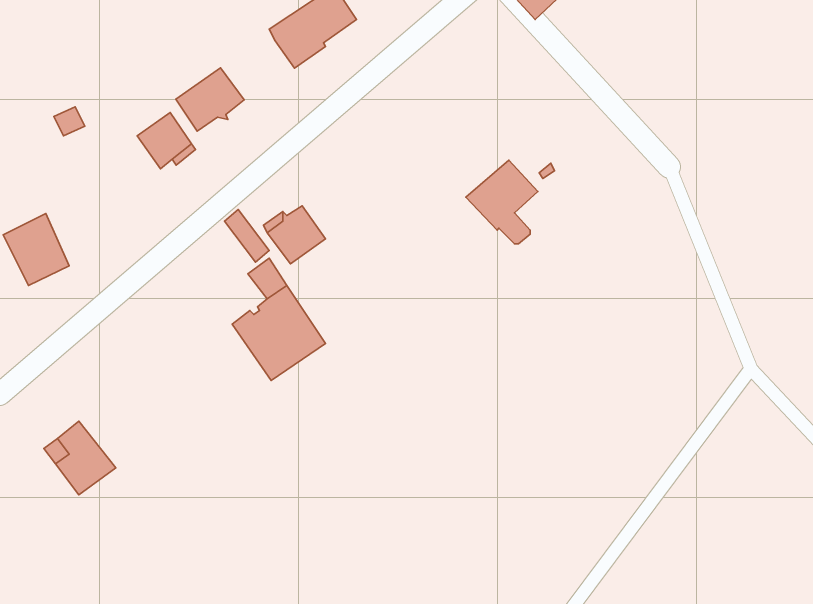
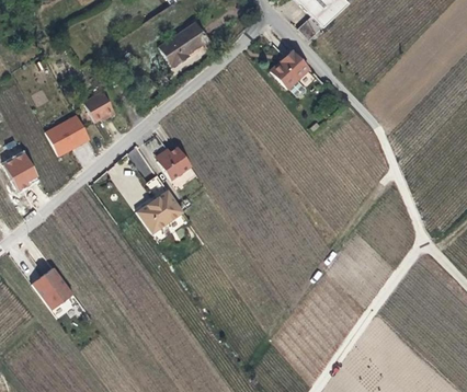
building: [176,68,244,131] -> none
building: none -> [45,114,90,155]
building: [466,160,538,244] -> [267,49,308,96]

